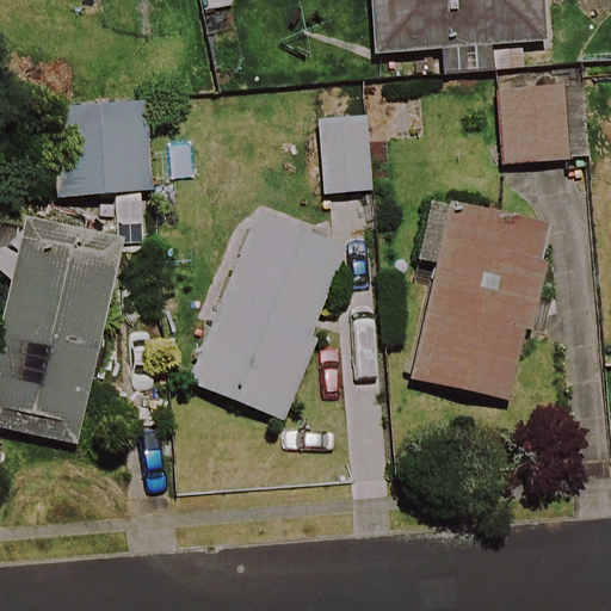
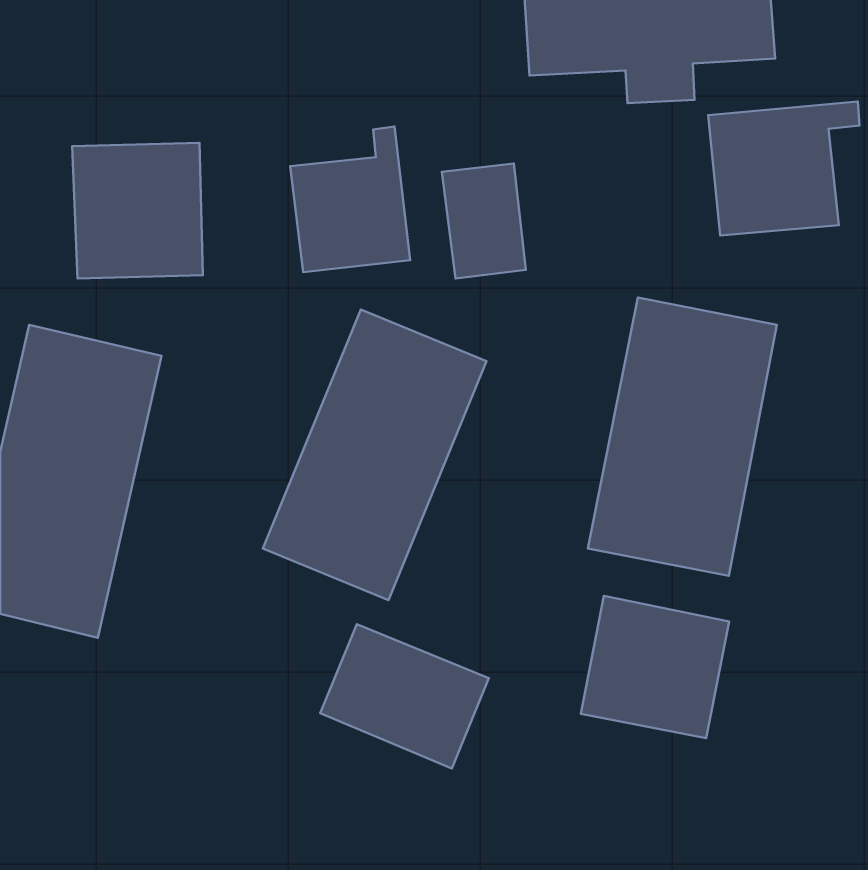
building: none -> [290,126,410,272]
building: none -> [581,596,729,738]
building: none -> [320,624,489,768]

